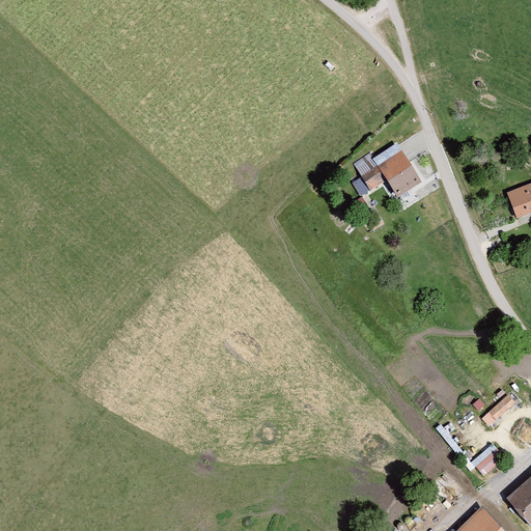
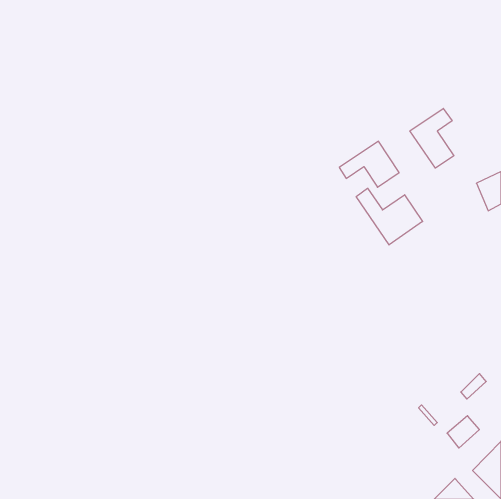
building: none -> [410,108,454,168]
building: none -> [356,188,423,245]

